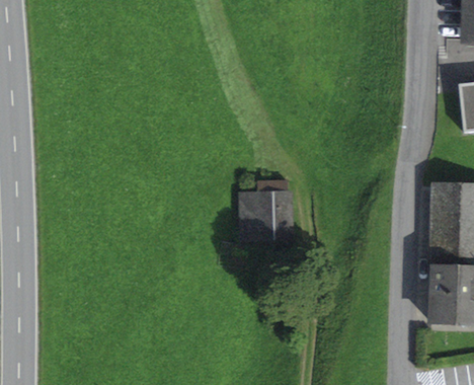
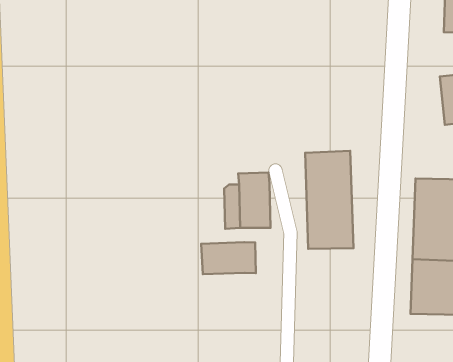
building: none -> [305,151,353,249]
building: none -> [201,242,256,274]

